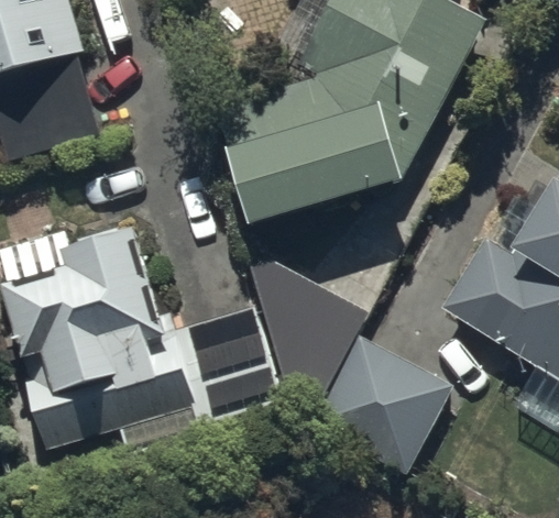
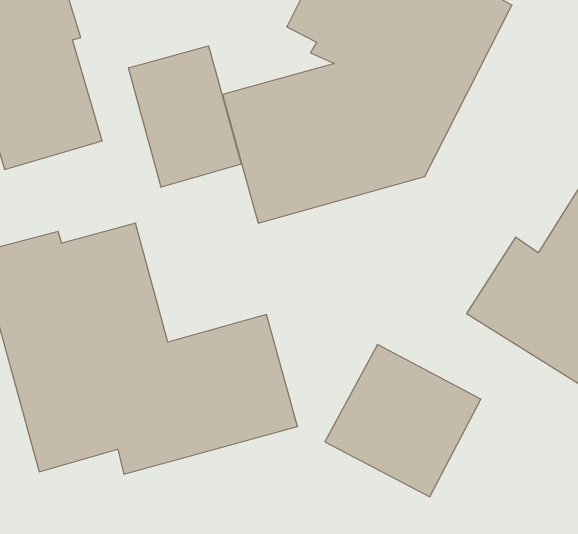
building: none -> [129,46,241,187]
building: [251,251,365,433] -> none

